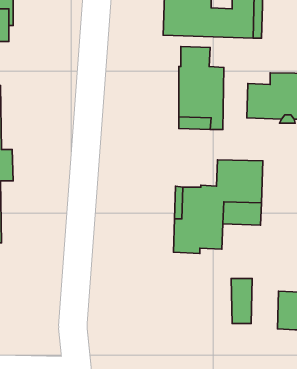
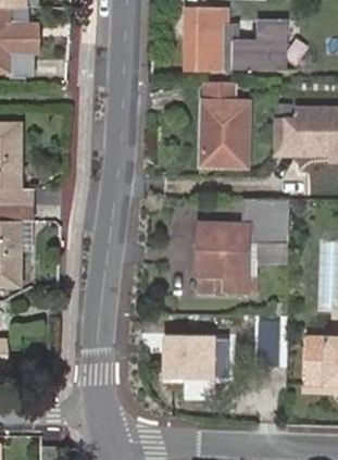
building: none -> [163,333,226,374]

